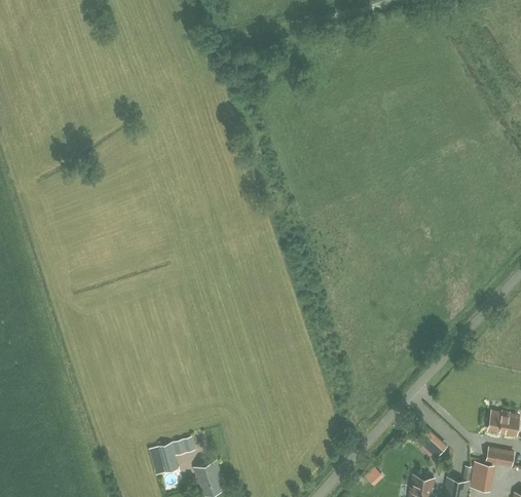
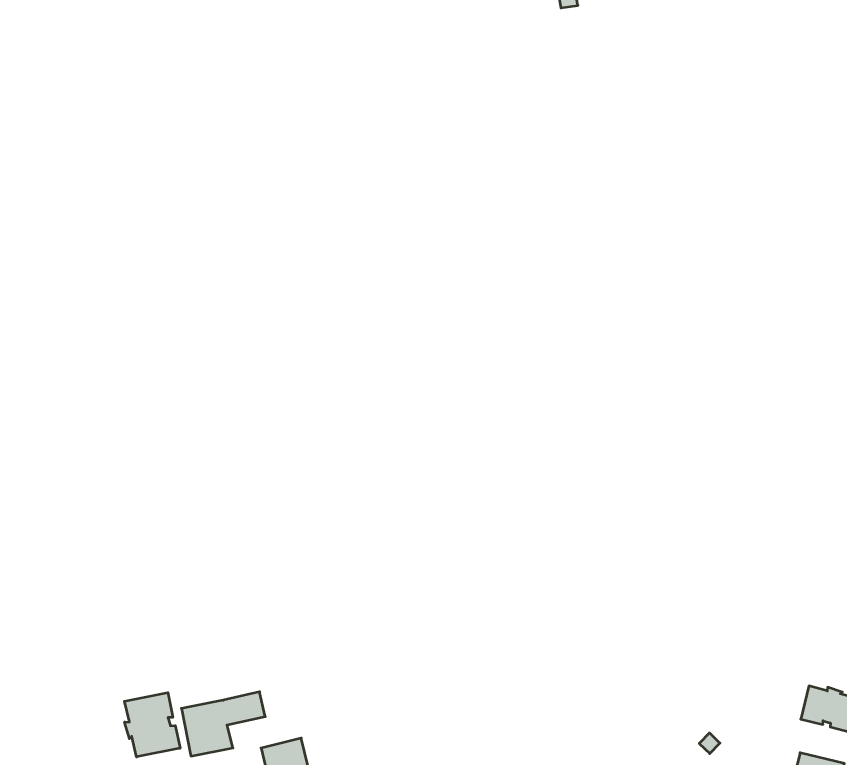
building: none -> [124,693,180,757]

